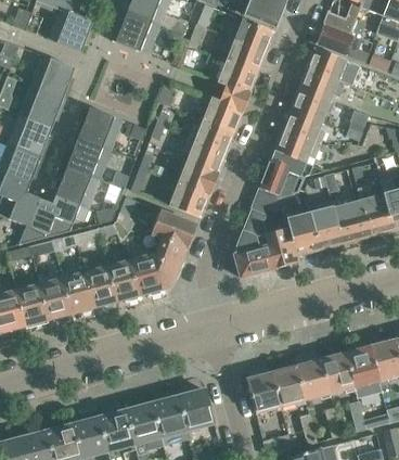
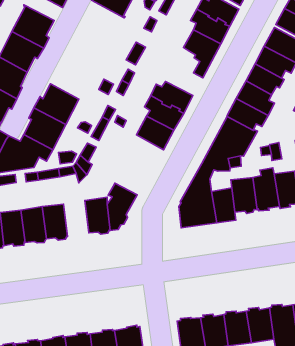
building: [203,84,243,131] -> none
building: [78,105,125,150] -> none
building: [169,181,209,217] -> none
building: [153,210,195,246] -> none
building: [107,259,139,301] -> none

